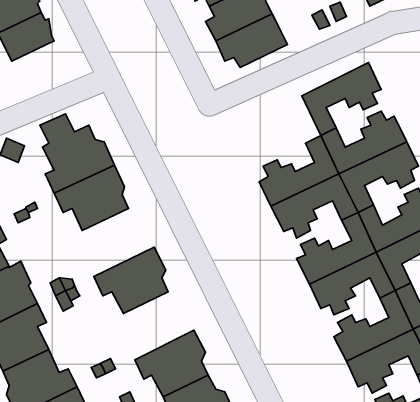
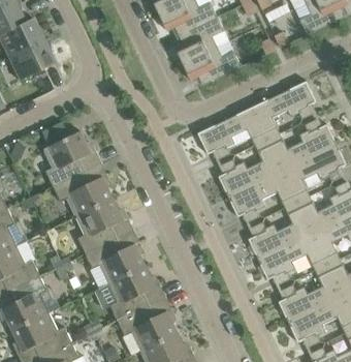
building: none -> [198,108,268,159]
building: none -> [76,199,134,253]
building: none -> [109,266,166,321]

